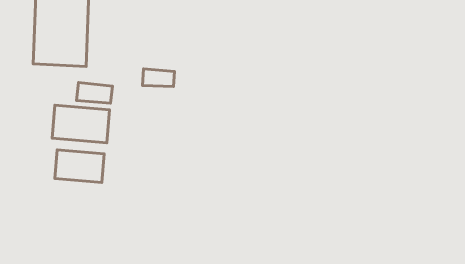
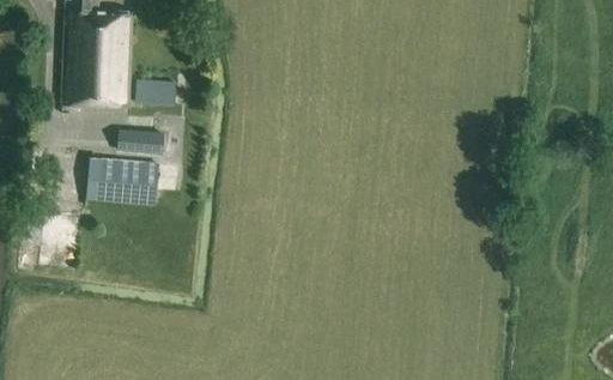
building: [142,69,174,87] -> [134,80,175,103]
building: [55,150,104,183] -> none

